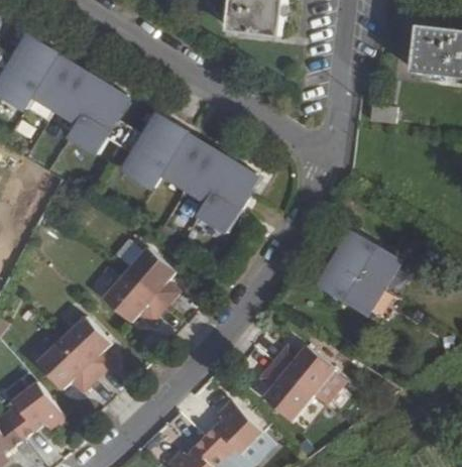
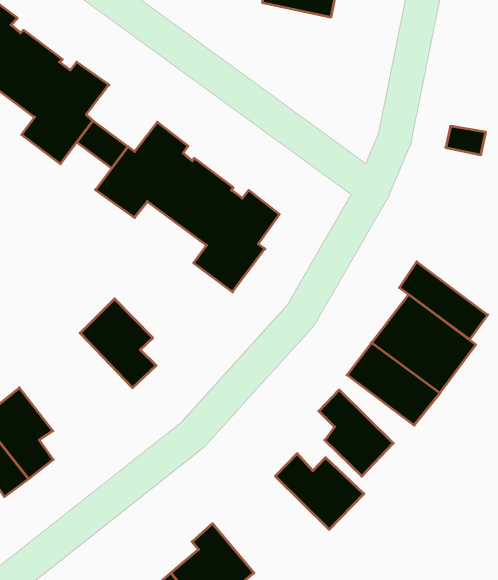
building: none -> [399,262,488,340]
building: [102,273,163,324] -> none
building: [256,362,311,422] -> [319,390,393,476]

